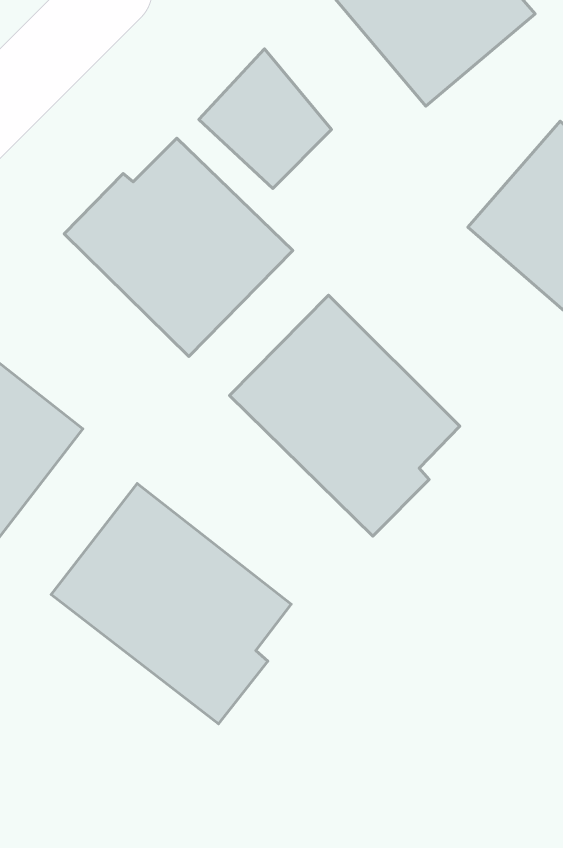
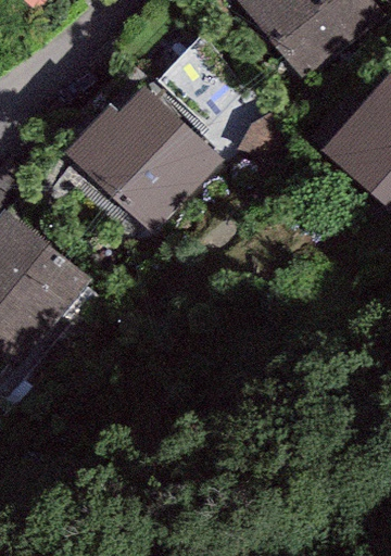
building: [230,295,460,536] -> none
building: [51,484,291,724] -> none

